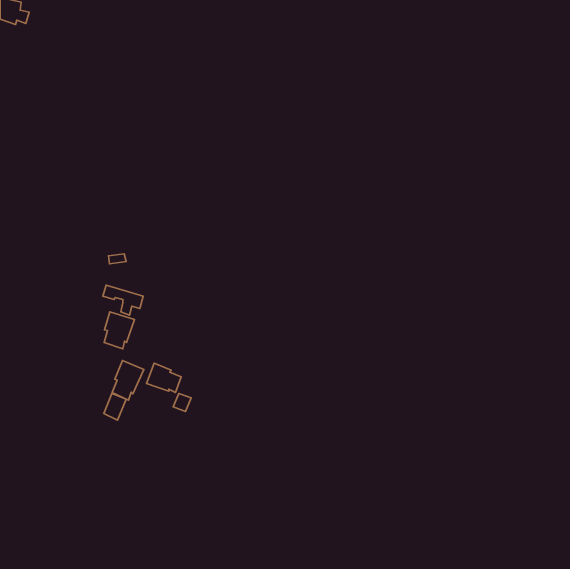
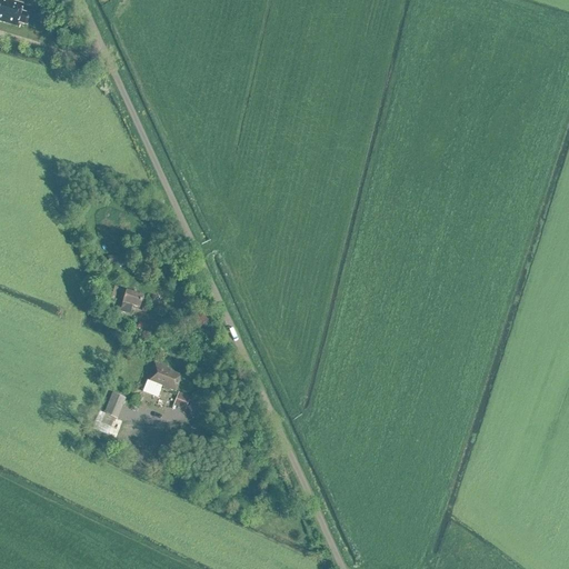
building: [104,312,135,349] -> none
building: [112,361,144,400] -> none

